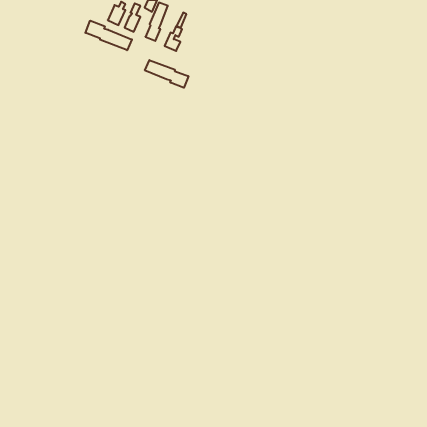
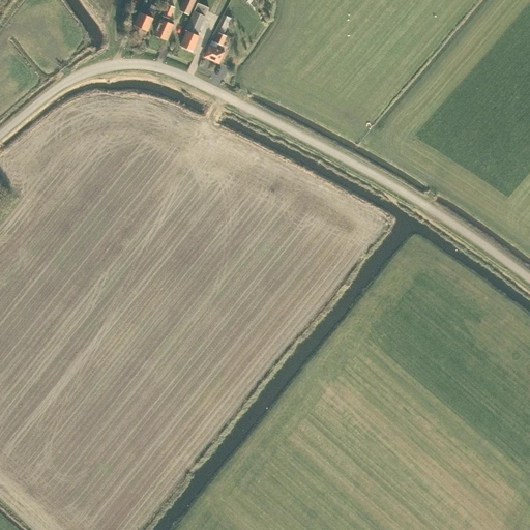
building: [85,21,132,50] -> none
building: [145,60,188,88] -> none

